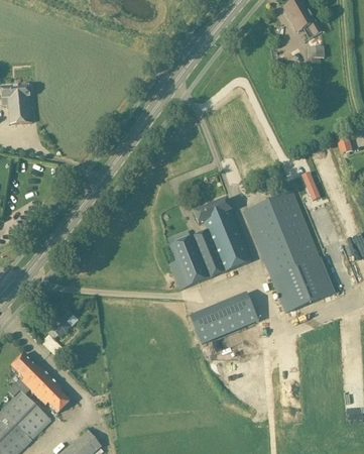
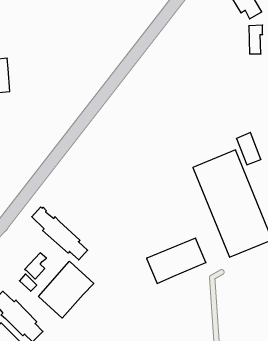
building: [169,199,250,291] -> none
building: none -> [32,207,88,260]
building: none -> [39,261,94,318]

